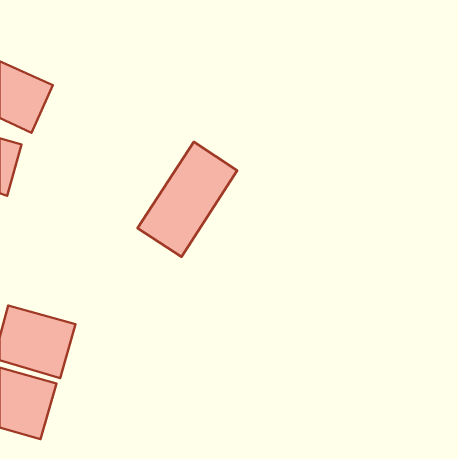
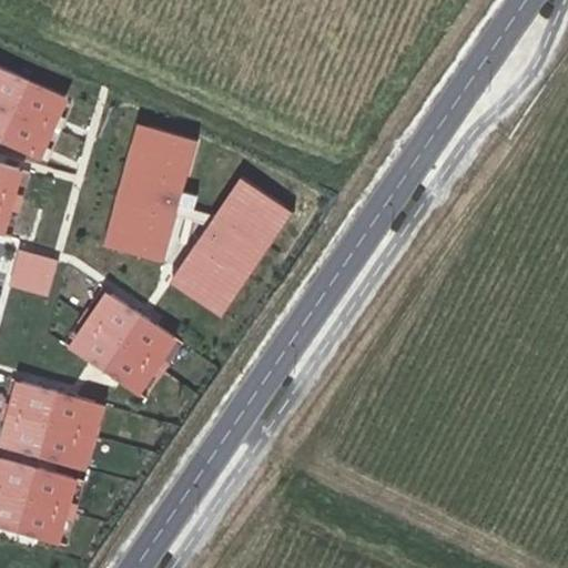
building: none -> [111,122,199,263]
building: none -> [11,251,57,293]
building: none -> [63,287,174,394]

